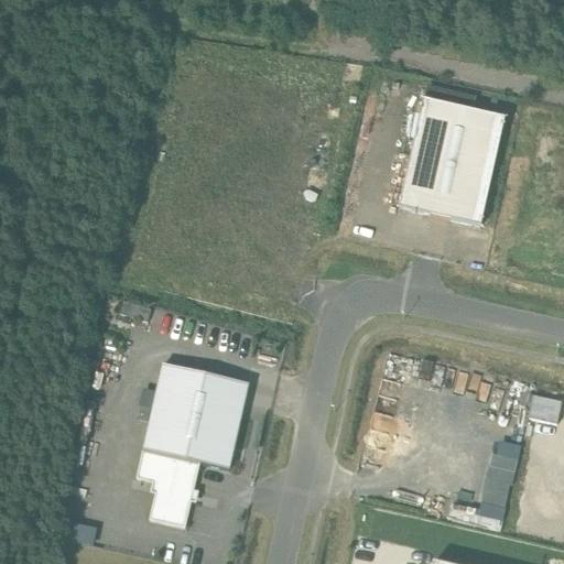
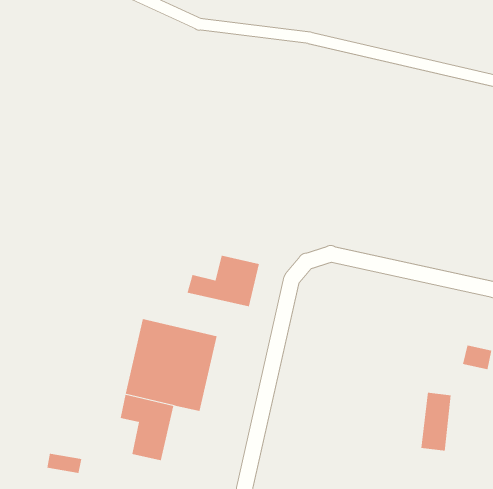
building: [399,97,506,223] -> none
building: none -> [187,255,259,307]

